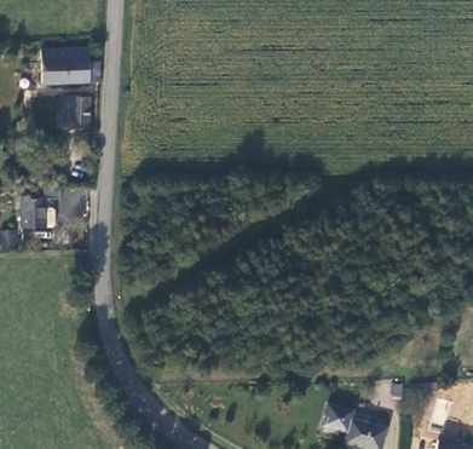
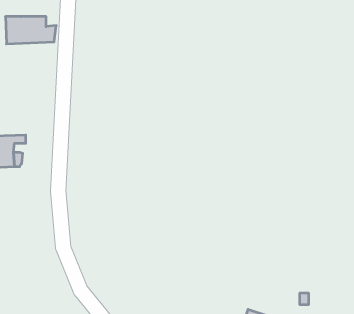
building: [58,97,90,131] -> none

